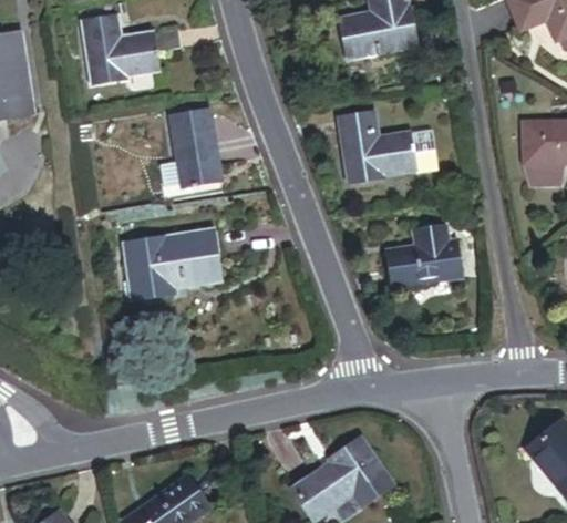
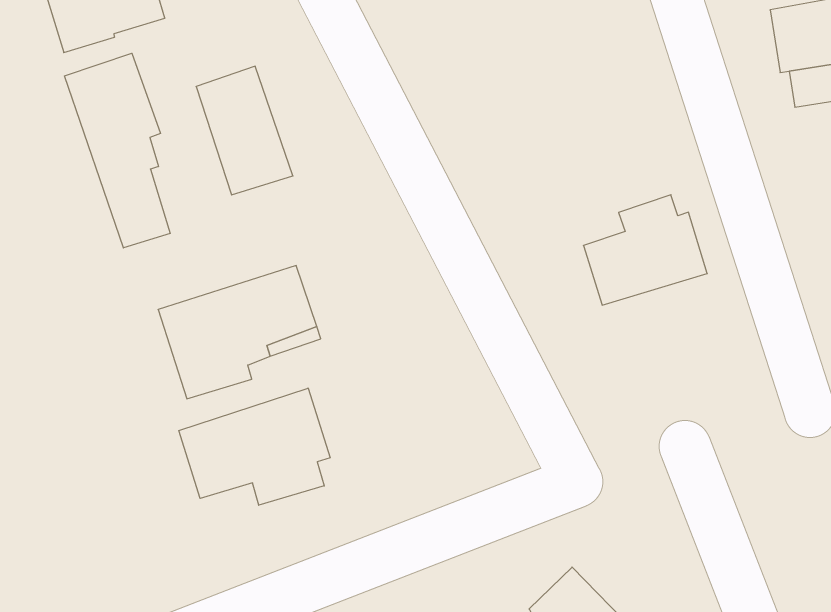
building: none -> [64,53,170,248]
building: [339,110,437,181] -> none
building: none -> [179,388,330,505]

